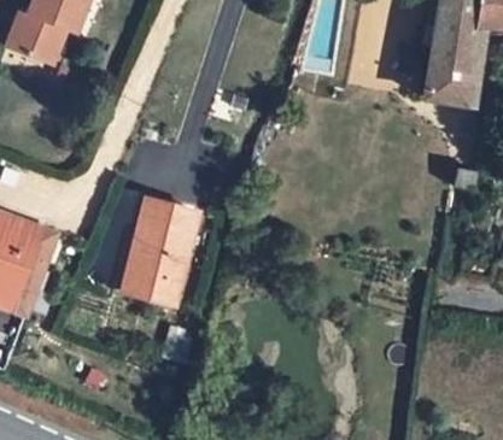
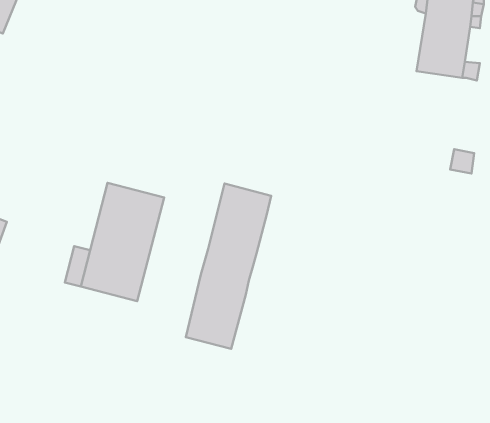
building: none -> [186,183,271,349]

